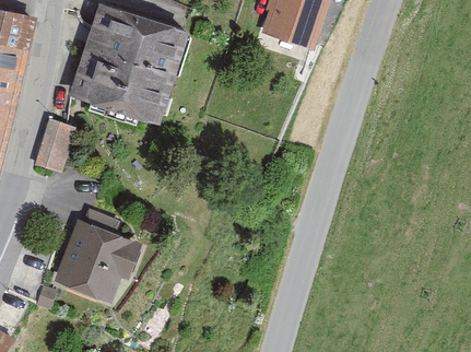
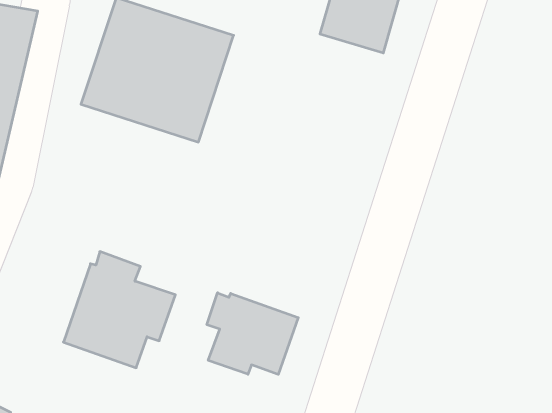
building: [32,119,73,175] -> none
building: none -> [207,293,298,374]

